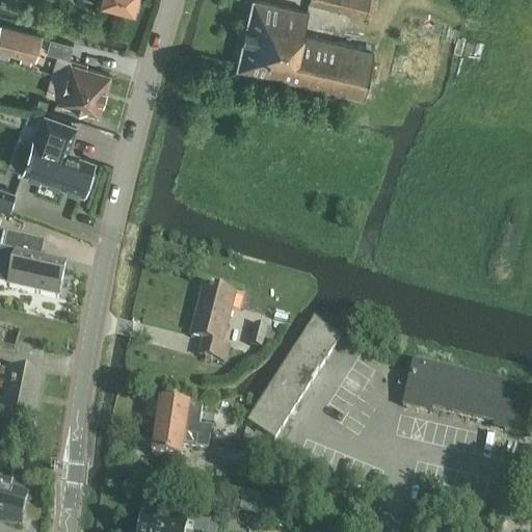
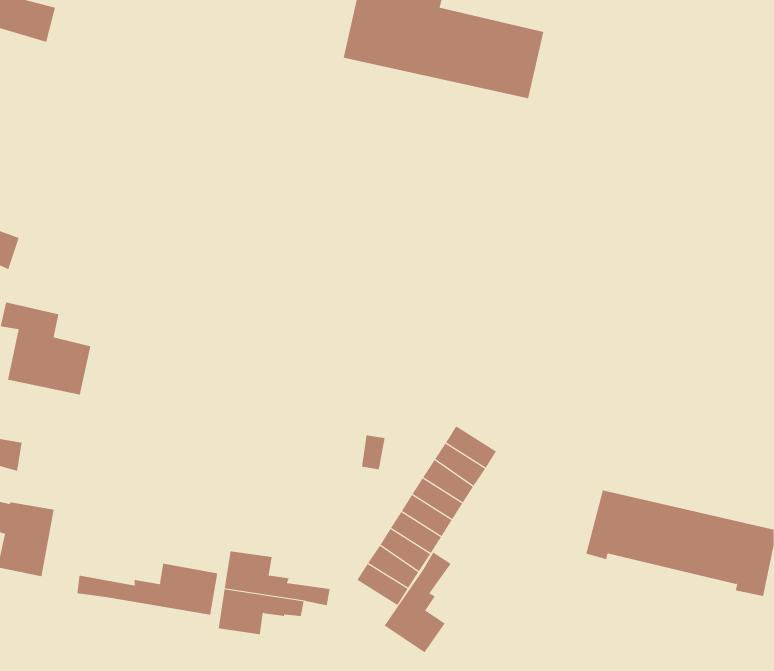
building: [47,57,108,113] -> none
building: [11,114,92,191] -> none
building: [189,286,233,363] -> none
building: none -> [384,552,451,653]
building: none -> [77,563,218,616]

